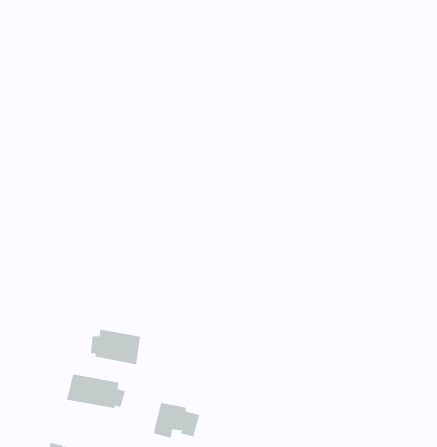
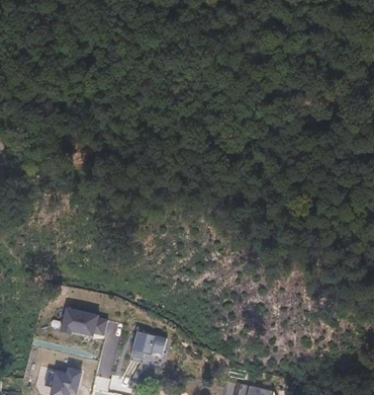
building: [91,329,141,365] -> none

